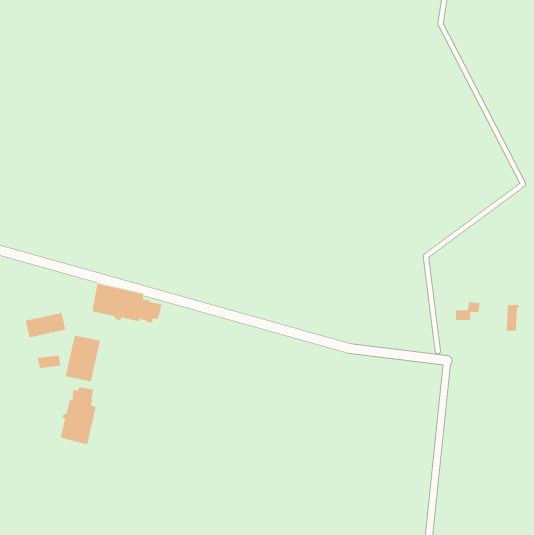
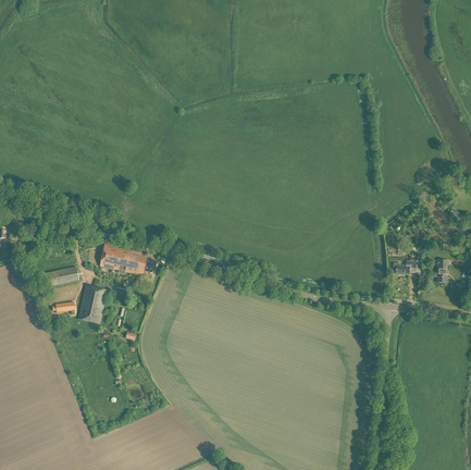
building: [60,386,96,445] -> none

